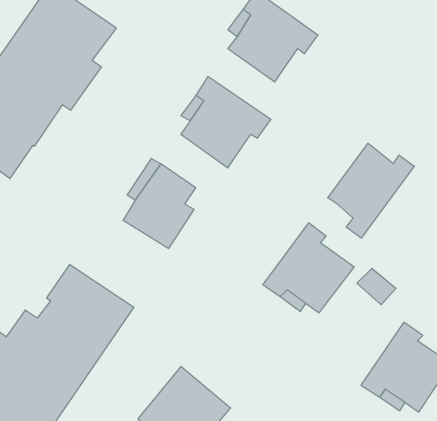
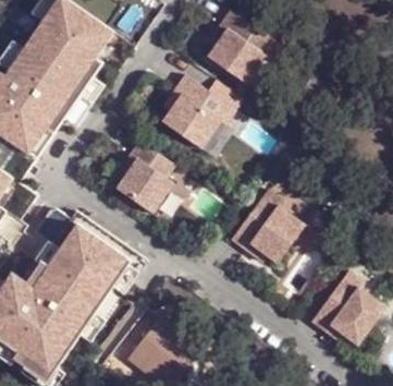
building: [328,143,414,238] -> none

